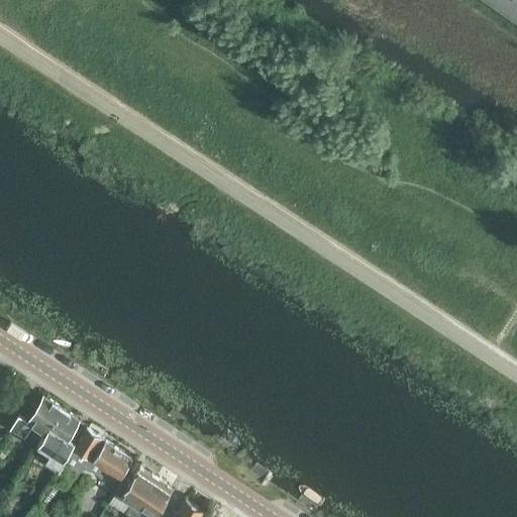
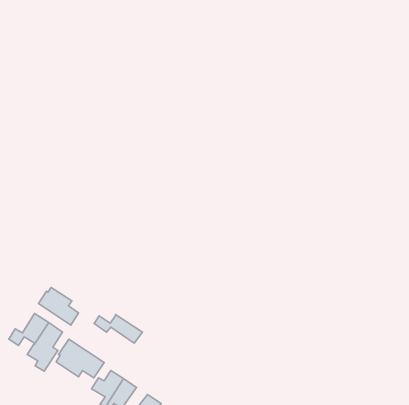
building: none -> [39,287,79,325]
building: none -> [94,314,142,343]

